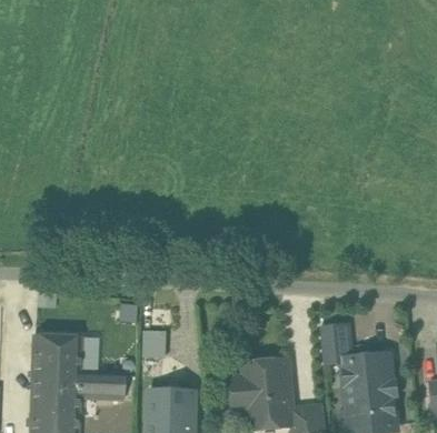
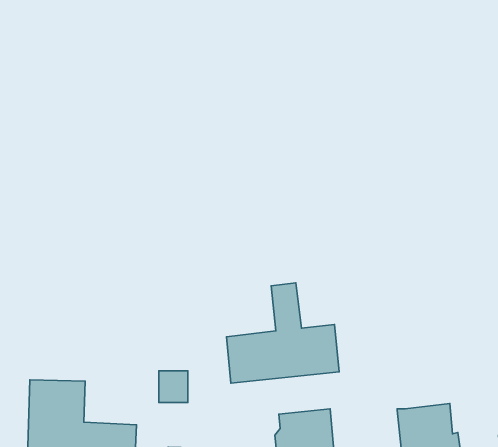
building: none -> [226,283,339,383]
building: [319,325,349,363] -> none

